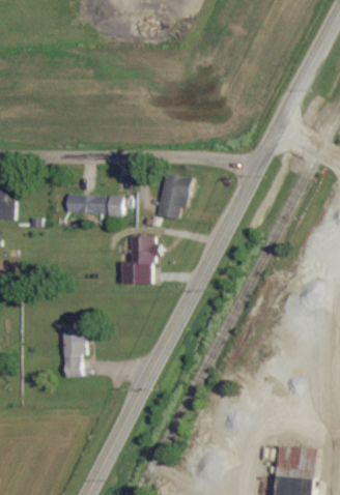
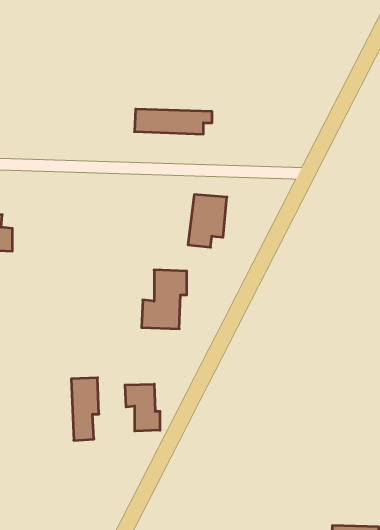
building: [65,195,130,215] -> [134,109,212,134]
building: none -> [125,384,160,431]

